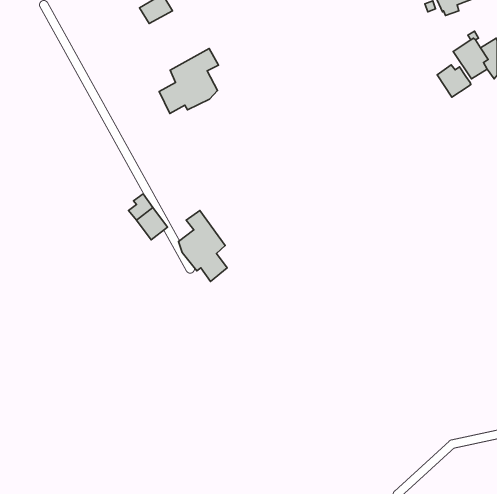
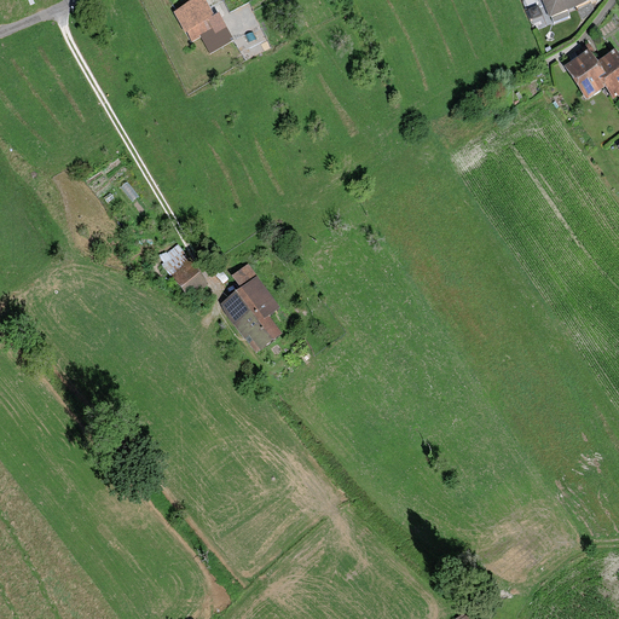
building: none -> [185,11,233,51]
building: [159,49,219,113] -> none
building: [437,65,471,97] -> none

